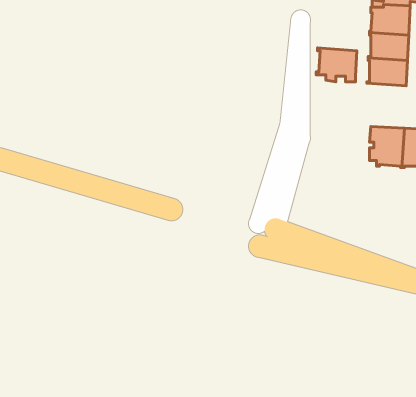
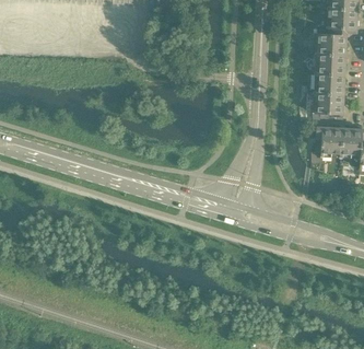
building: [316,48,357,82] -> [312,92,343,118]

